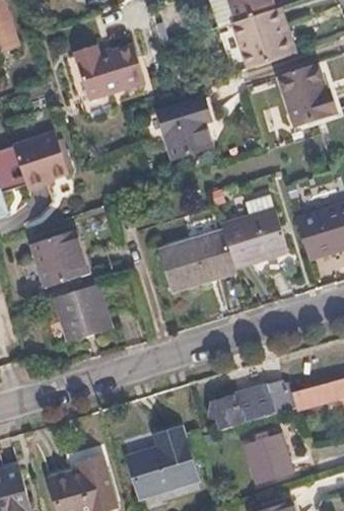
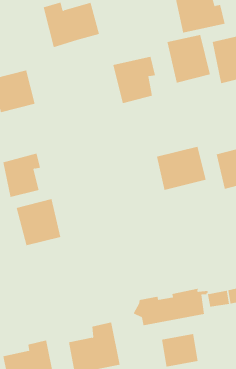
building: none -> [167,34,210,84]
building: [155,224,234,288] -> none

